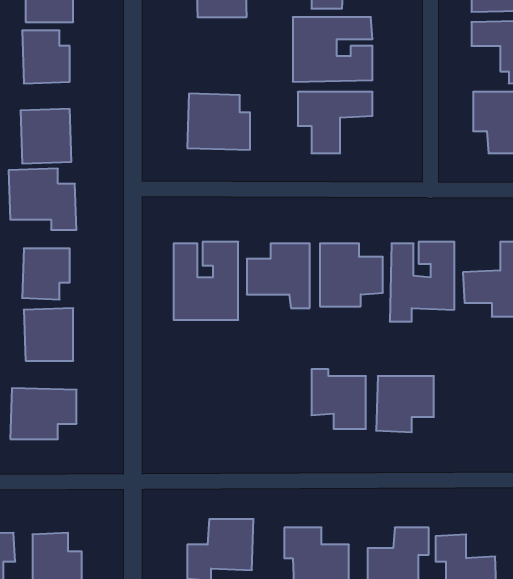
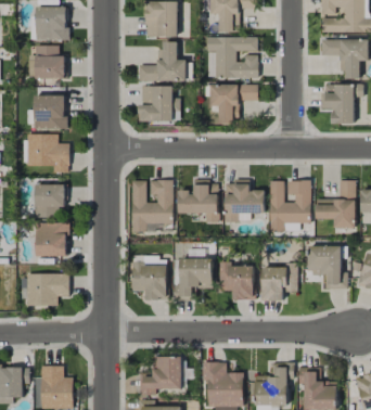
building: none -> [139,42,187,81]
building: none -> [308,245,342,289]
building: none -> [131,257,167,300]
building: none -> [174,258,213,300]

